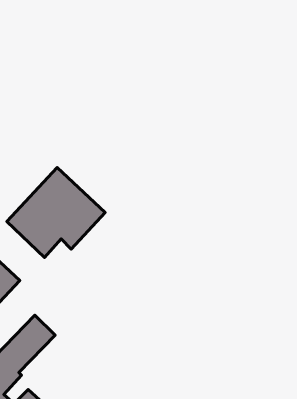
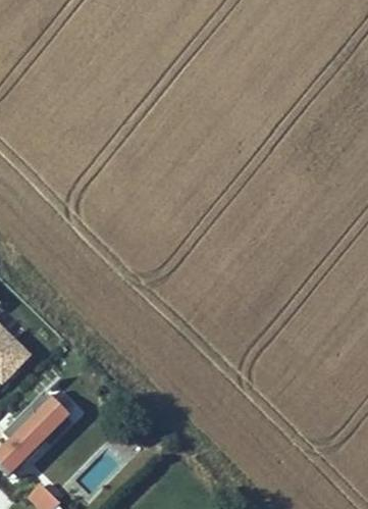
building: [7,167,105,257] -> none

